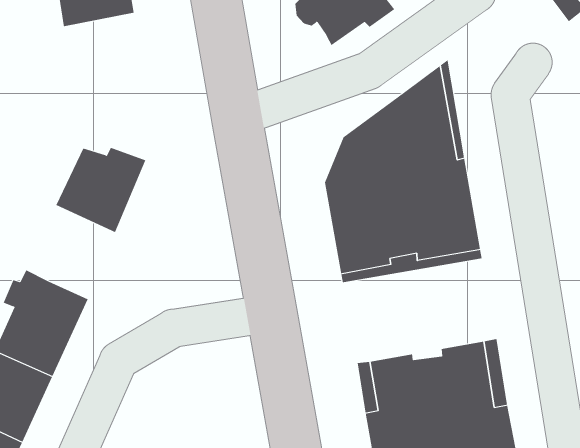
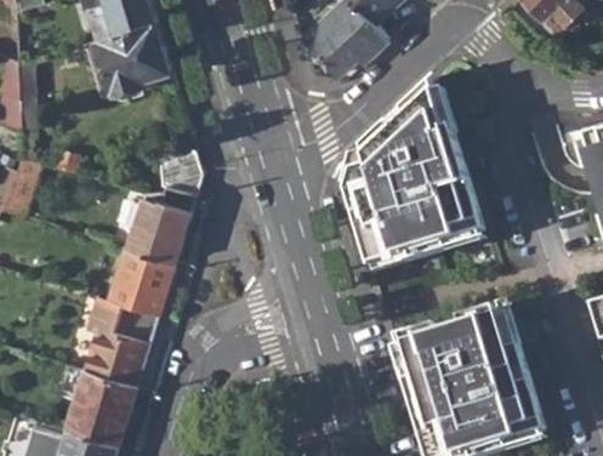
building: none -> [157,147,200,192]
building: none -> [104,238,176,314]

